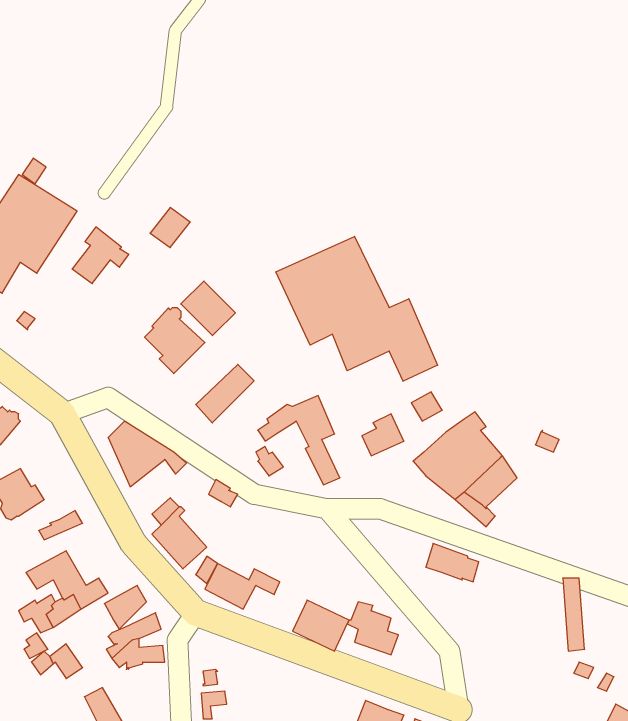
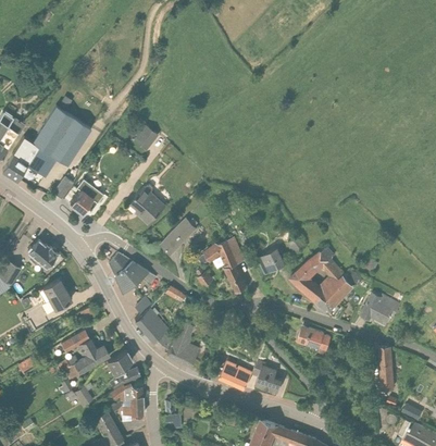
building: [72,227,129,284] -> [70,178,103,212]
building: [276,236,438,381] -> none
building: [181,281,235,336] -> none
building: none -> [361,293,400,323]
building: none -> [111,396,144,416]

